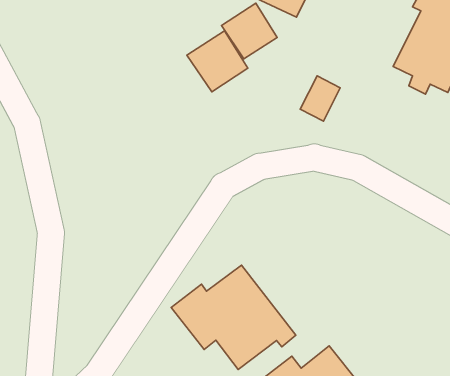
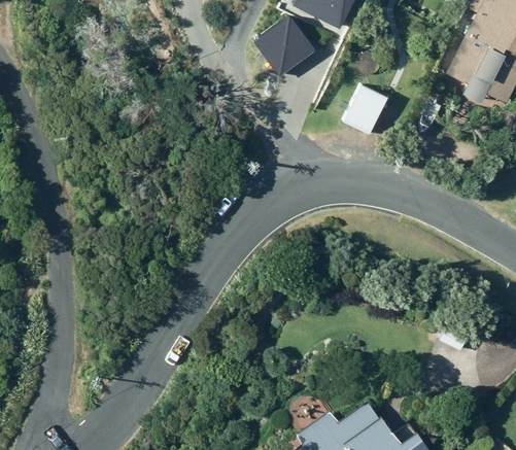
building: [187,31,248,92] -> none
building: [171,265,296,369] -> none

